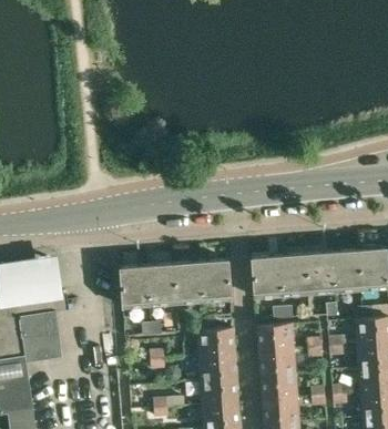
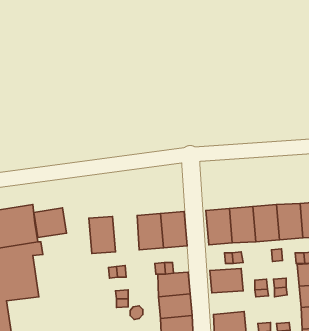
building: none -> [34,208,67,238]
building: [146,265,176,306] -> none
building: [258,350,295,377] -> none

